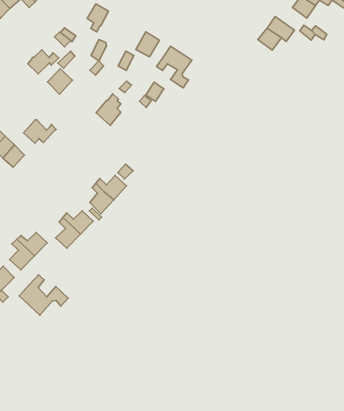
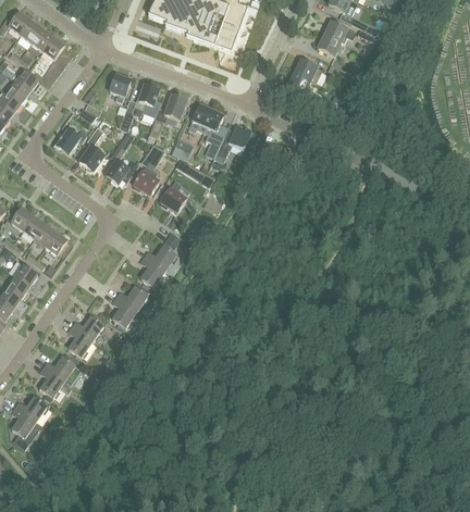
building: none -> [132,84,159,115]
building: none -> [212,122,258,161]
building: none -> [159,179,189,212]
building: [24,120,56,143] -> [104,159,137,183]
building: [19,275,68,315] -> none

